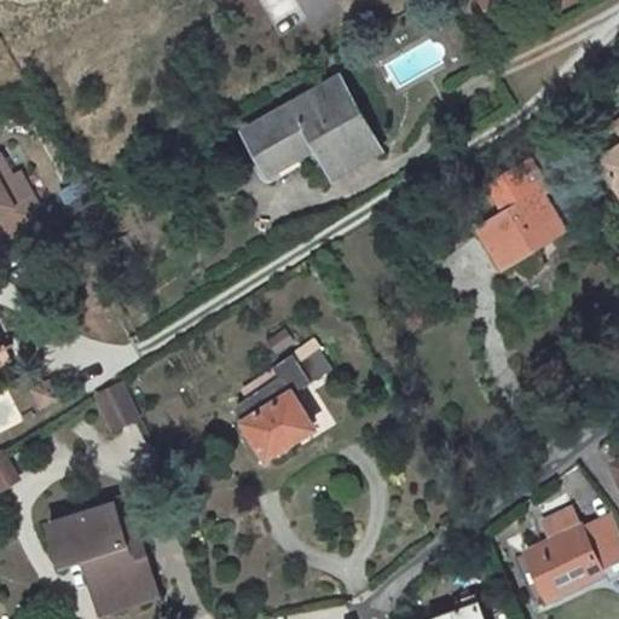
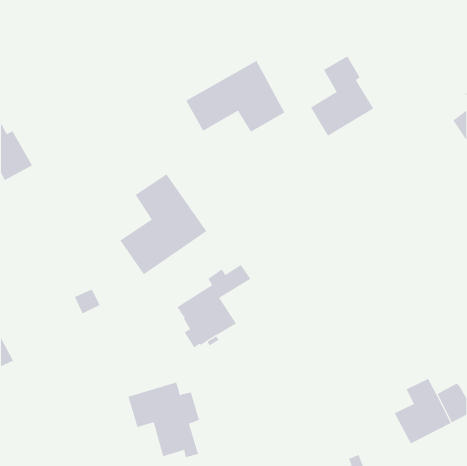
building: [478,161,562,268] -> [310,55,374,137]
building: none -> [120,174,207,275]
building: [48,504,144,604] -> [128,382,200,458]

